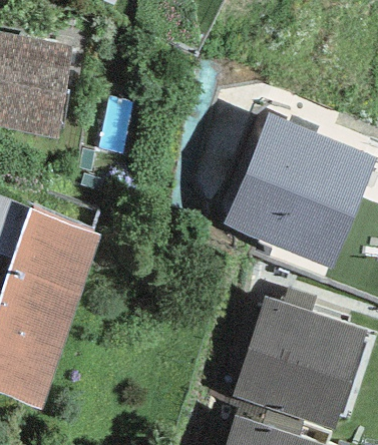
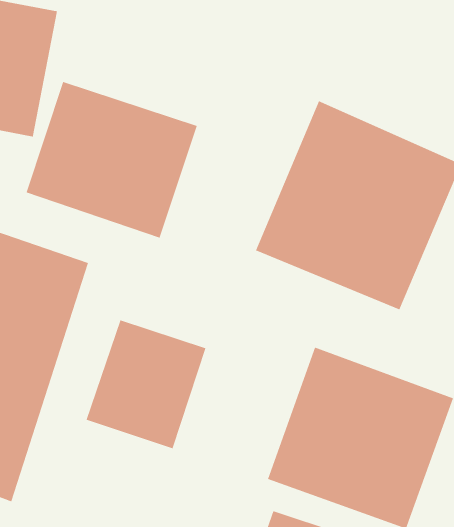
building: none -> [26,81,197,239]
building: none -> [86,319,206,449]

